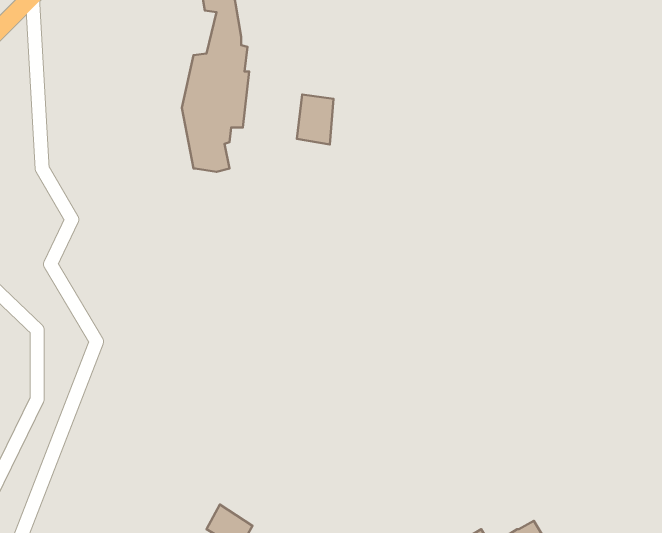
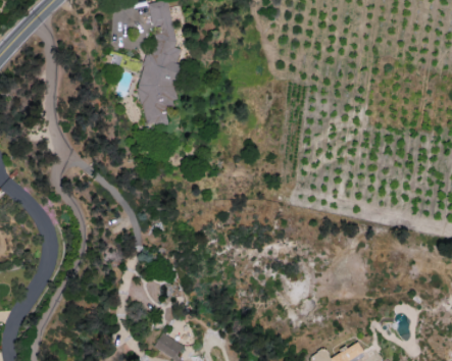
building: [297,95,333,144] -> none

